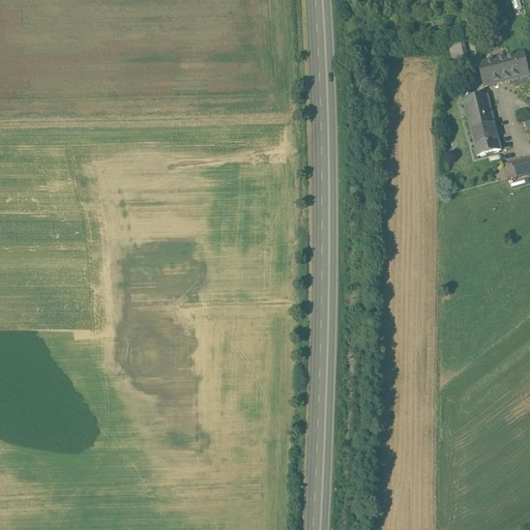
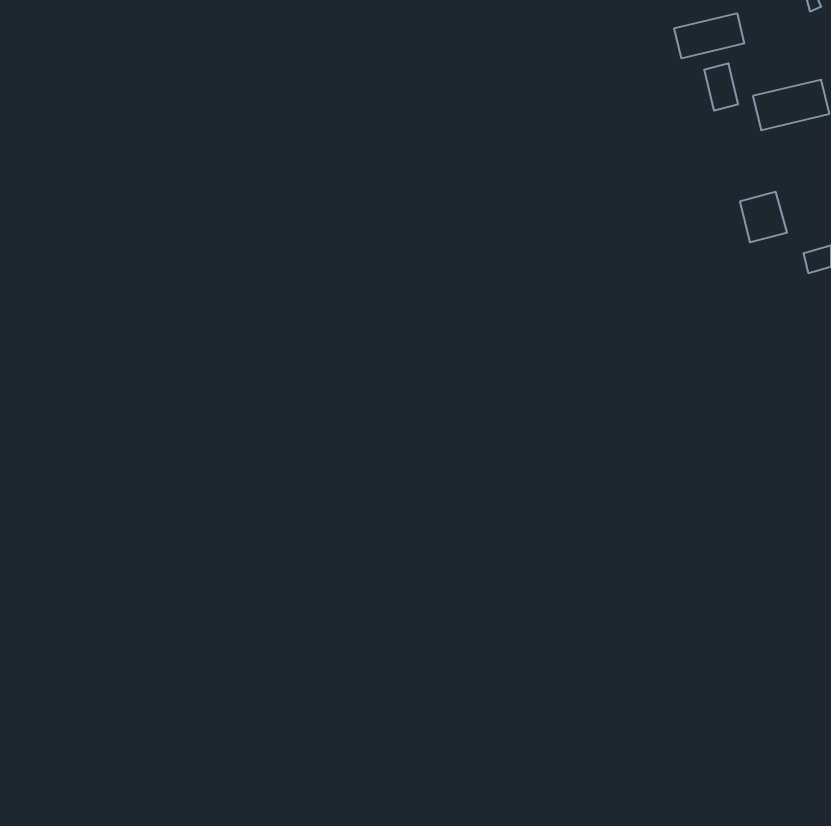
building: none -> [674,13,744,58]
building: [464,93,494,128] -> none

